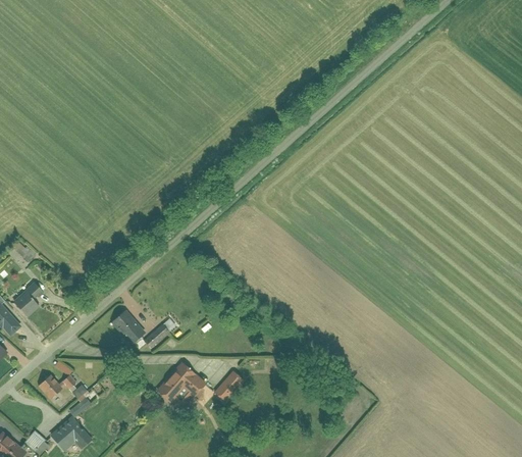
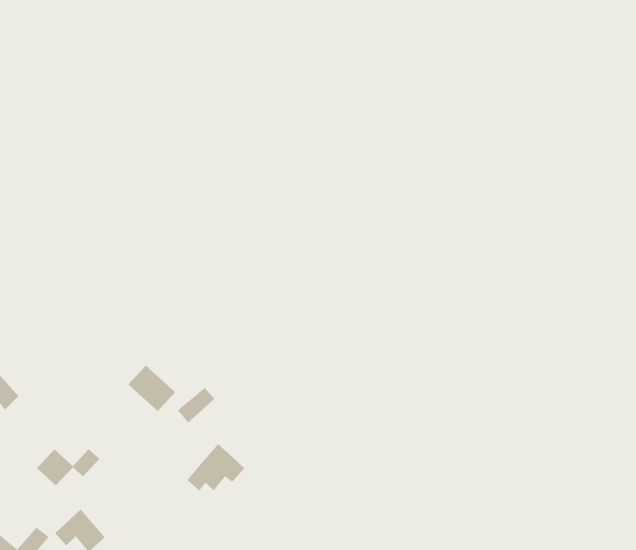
building: [19,283,46,316] -> none
building: [211,371,242,403] -> none

